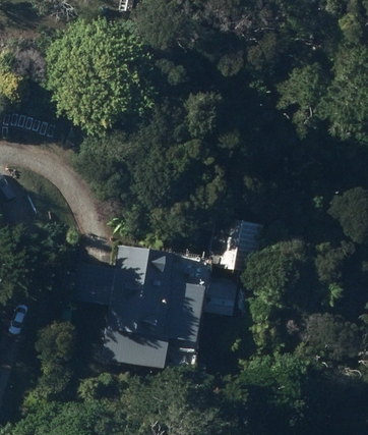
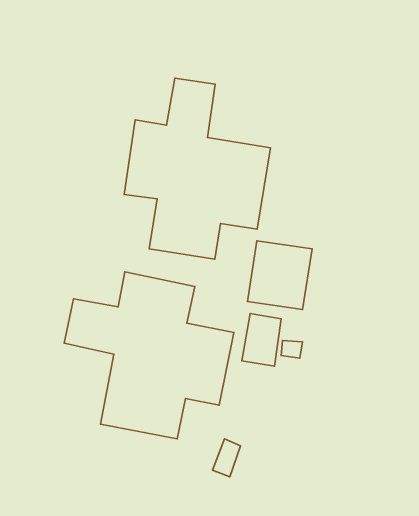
building: none -> [124,78,271,259]

